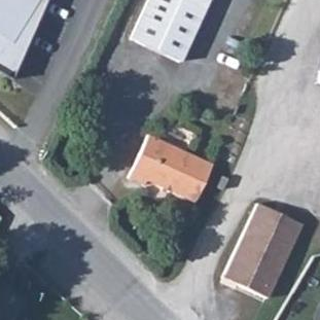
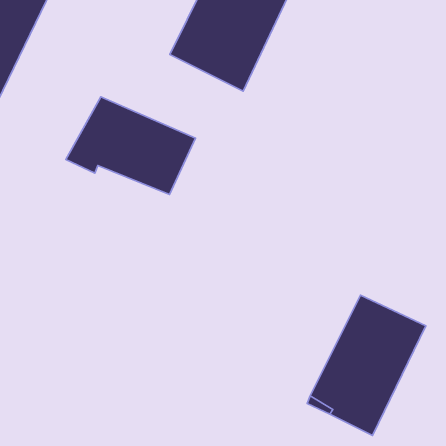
building: [127,136,214,202] -> [66,97,195,194]

